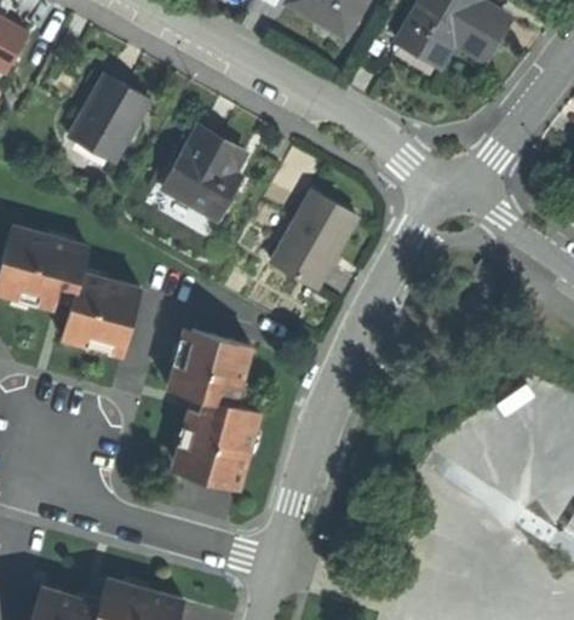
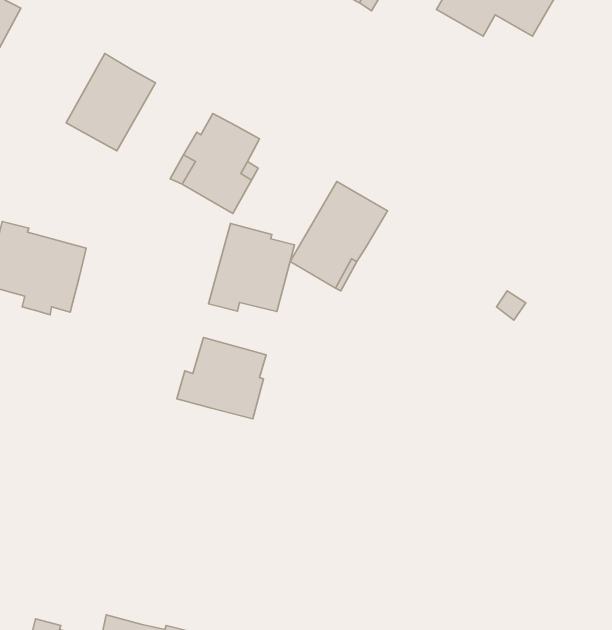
building: none -> [209,223,294,312]
building: [63,276,139,346] -> none
building: [180,396,257,489] -> none

